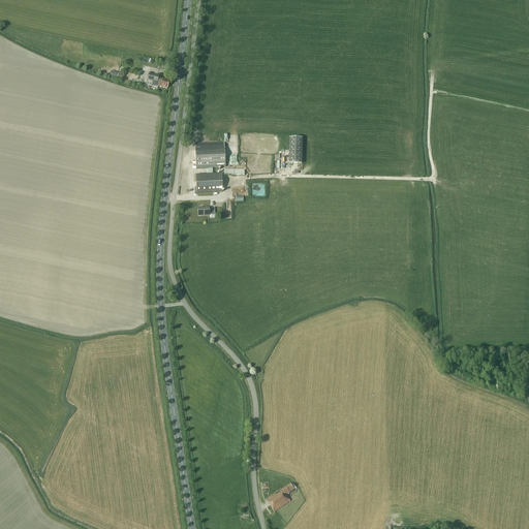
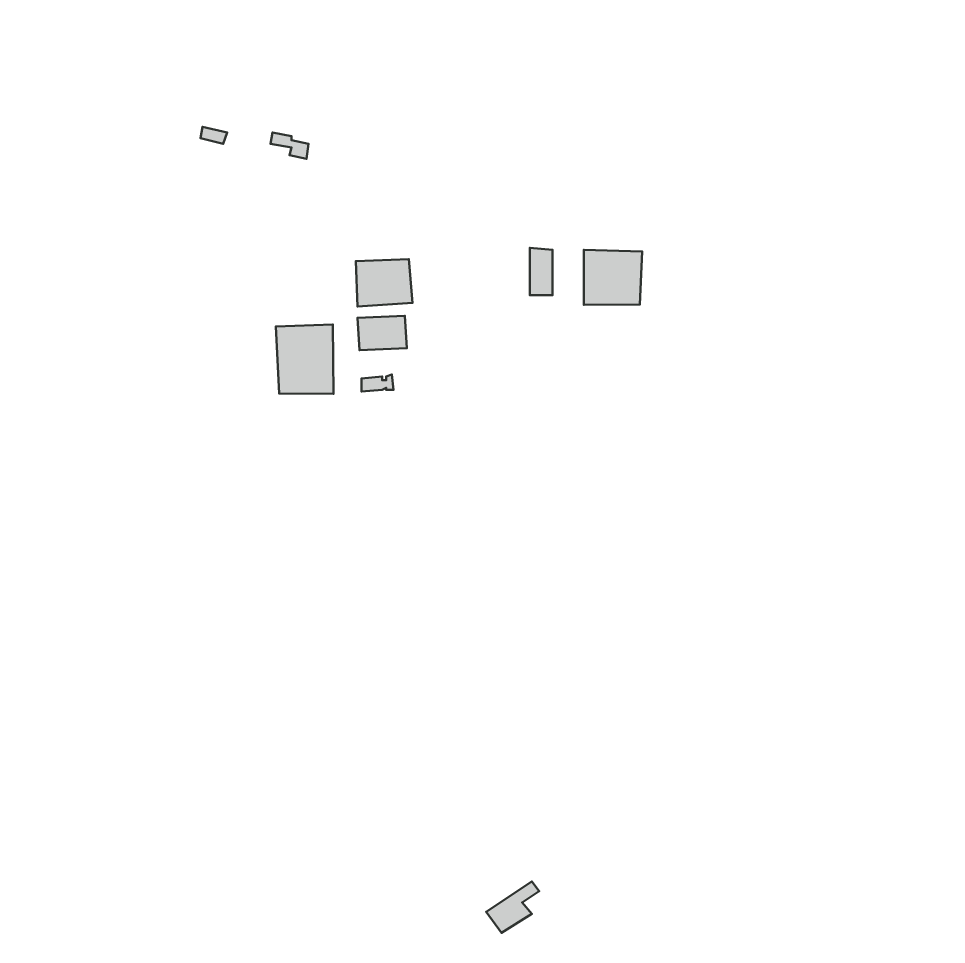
building: none -> [584,250,642,305]
building: none -> [276,324,334,394]

